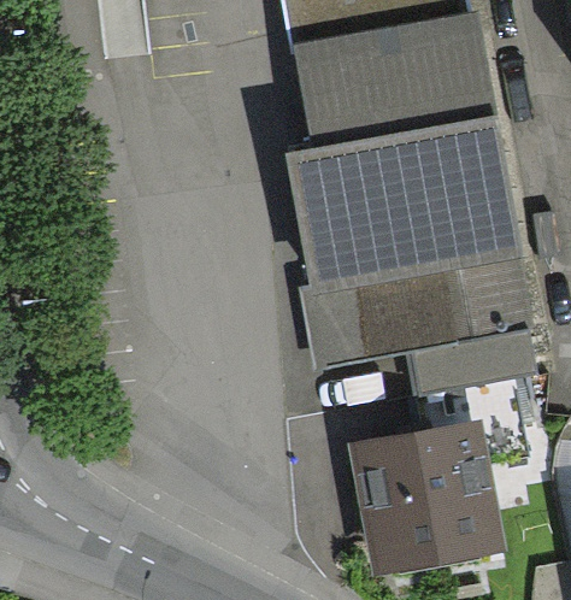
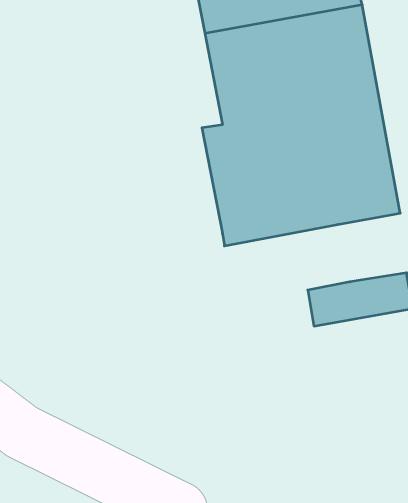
building: [300,272,464,366] -> none
building: [359,427,499,567] -> none

